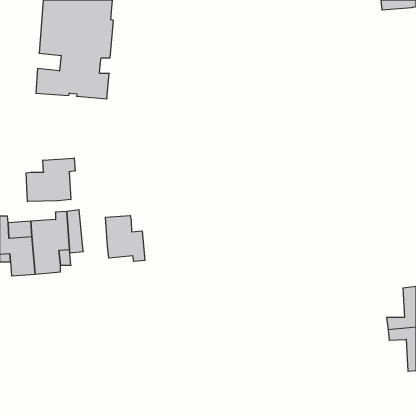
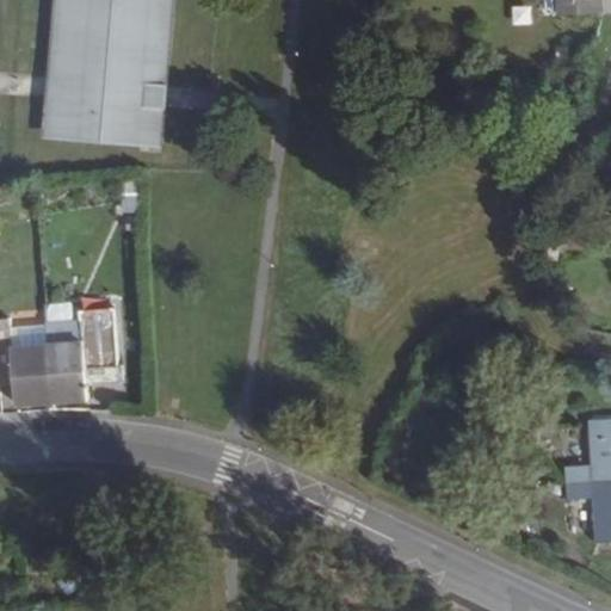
building: [26,158,75,202] -> none
building: [106,215,145,261] -> none

